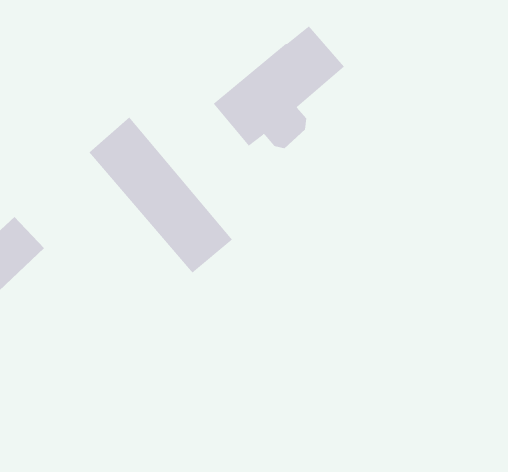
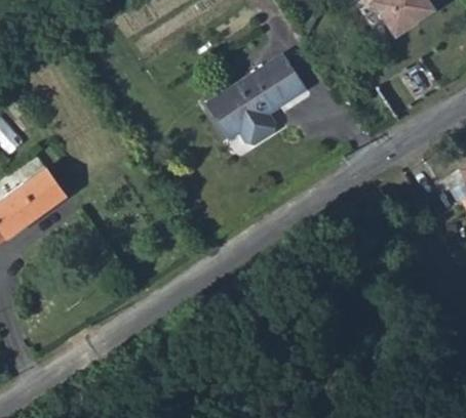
building: [89,117,233,274] -> none

